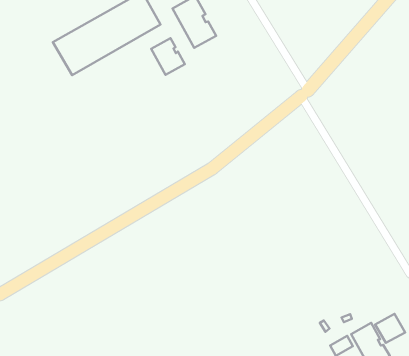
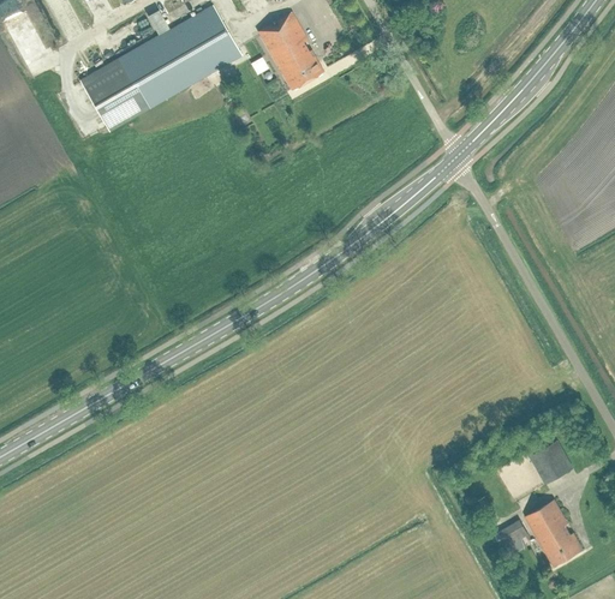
building: [151,38,185,75] -> none
building: [375,314,405,343] -> [529,441,573,484]

